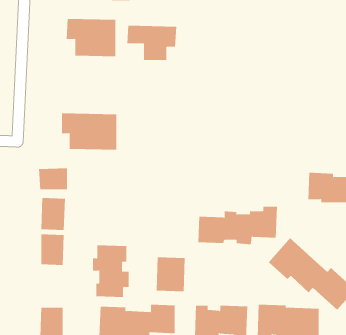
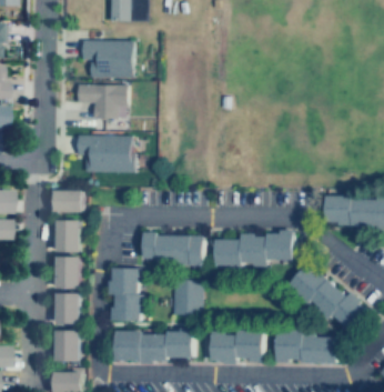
building: [127,25,177,60] -> [79,83,130,119]
building: none -> [145,232,205,267]
building: none -> [57,293,81,324]

